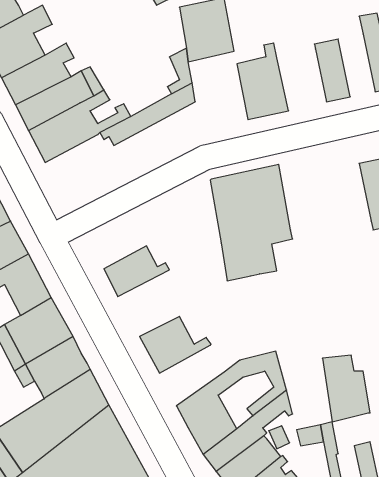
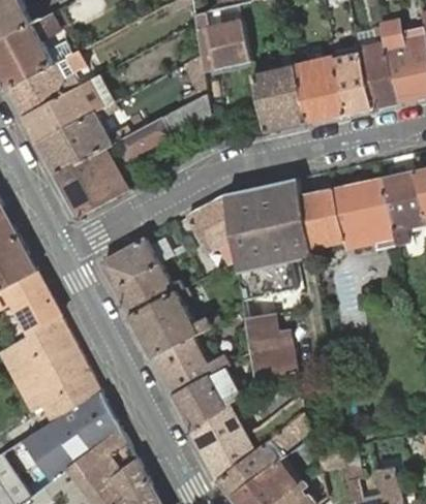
building: none -> [359,43,397,108]
building: none -> [295,59,346,123]
building: none -> [54,148,130,218]
building: none -> [300,178,393,248]
building: none -> [185,195,237,265]
building: none -> [101,239,159,287]
building: none -> [129,287,218,357]
building: none -> [173,367,240,430]
building: [322,355,370,422] -> [246,313,296,382]

